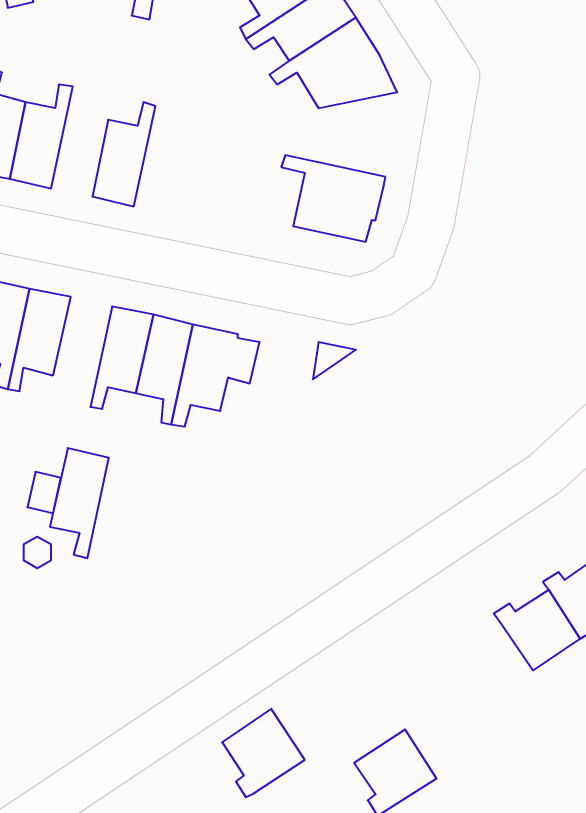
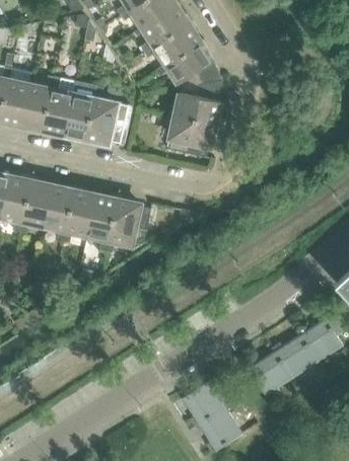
building: none -> [43,77,72,134]
building: none -> [163,80,221,124]
building: none -> [85,87,132,145]
building: [50,448,109,558] -> [44,185,74,242]
building: none -> [246,353,291,395]
building: [222,709,305,797] -> [183,382,225,428]

